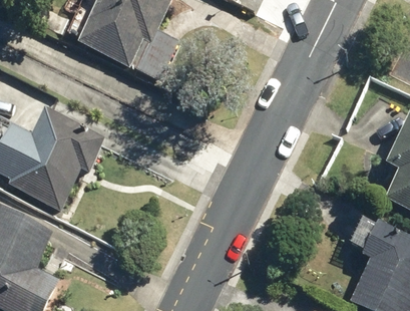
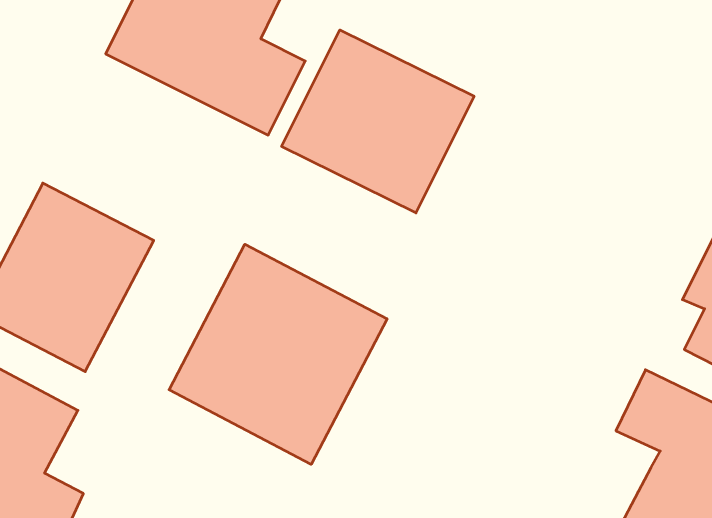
building: none -> [282,30,474,213]
building: none -> [169,244,387,464]

